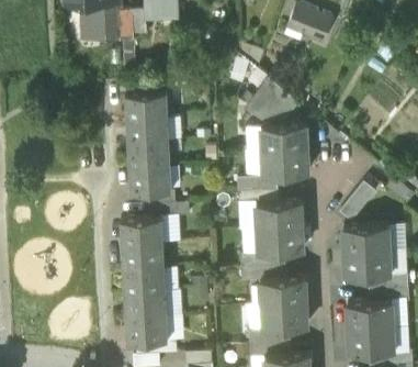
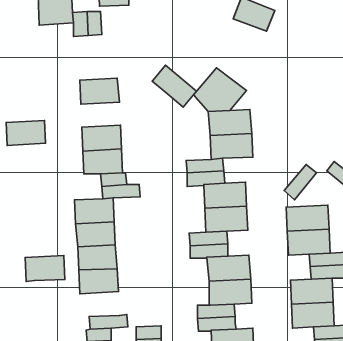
building: none -> [152,65,196,107]
building: [127,114,169,141] -> [6,120,46,145]
building: [126,314,168,342] -> [25,255,65,281]

